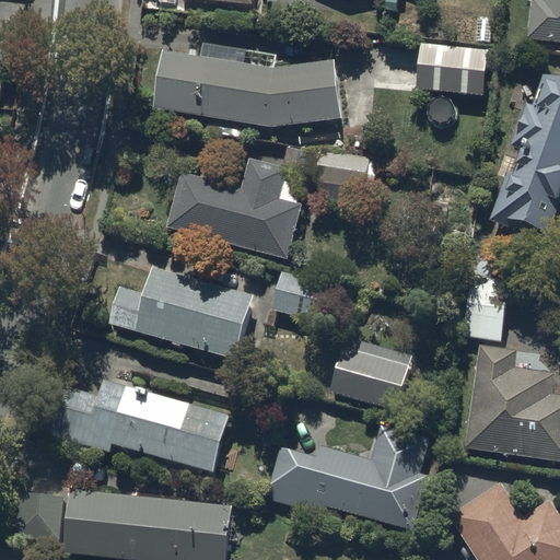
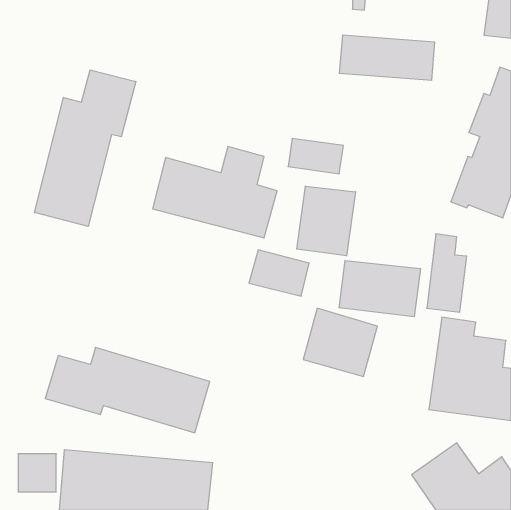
building: [153,44,343,137] -> none
building: none -> [34,70,136,226]
building: none -> [297,186,356,256]
building: [109,266,253,359] -> none
building: none -> [339,260,421,317]
building: [267,425,425,528] -> none

